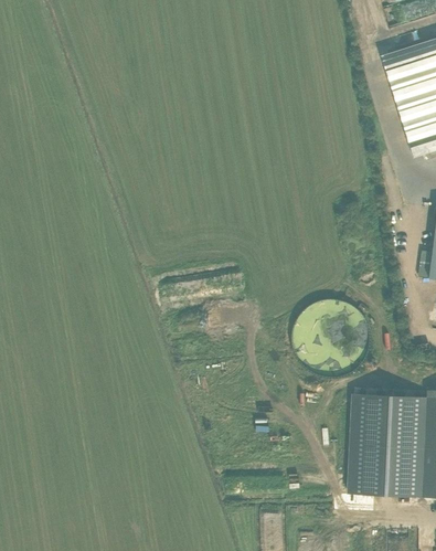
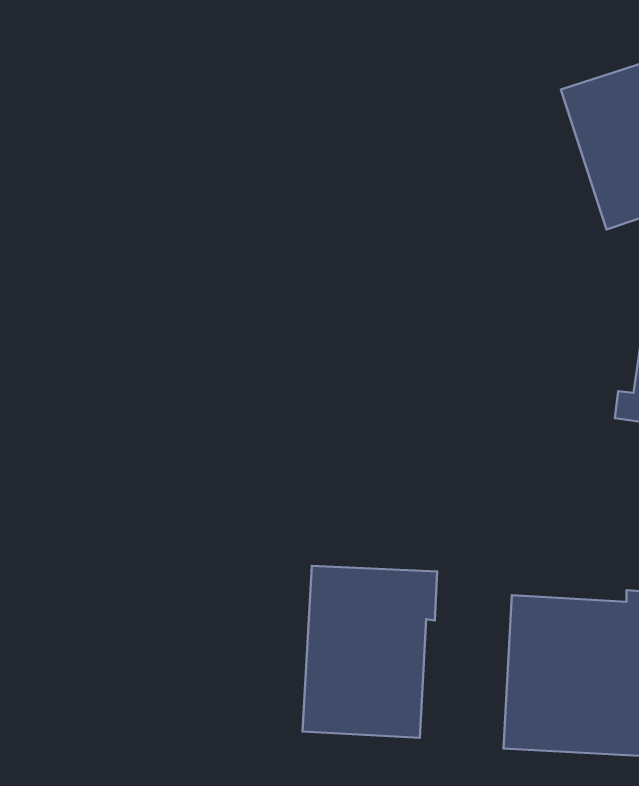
building: none -> [303,566,437,738]

